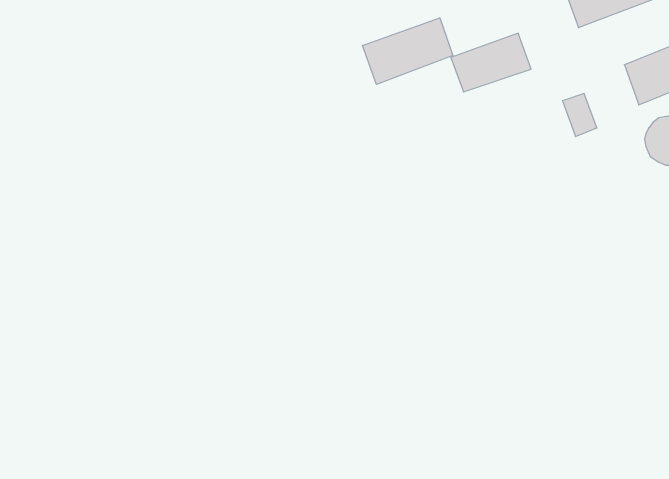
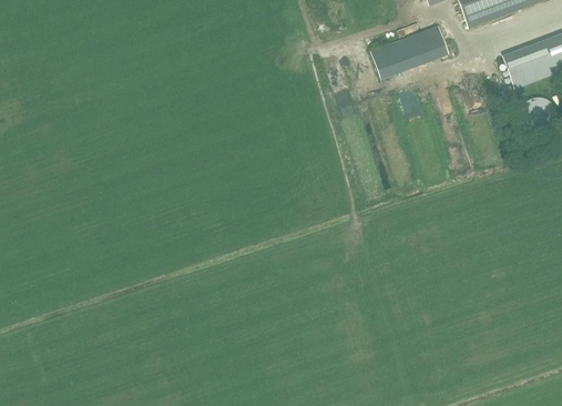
building: [362,18,453,84] -> none
building: [563,94,597,137] -> [422,26,449,59]

